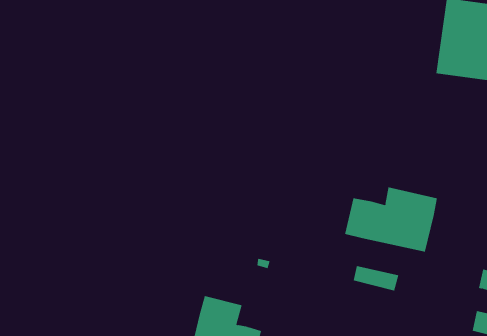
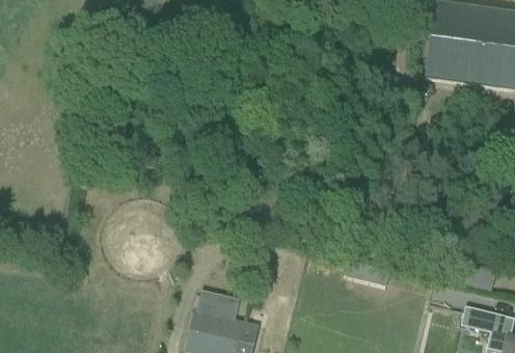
building: [344,187,438,252] -> none

